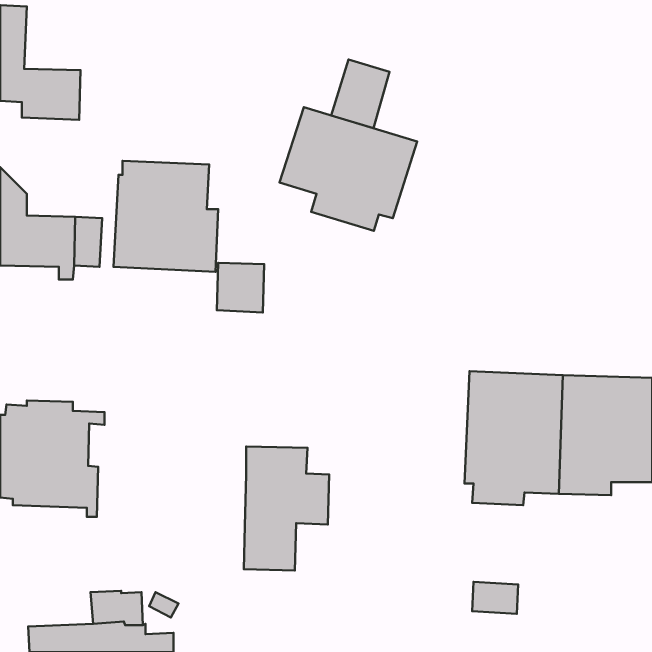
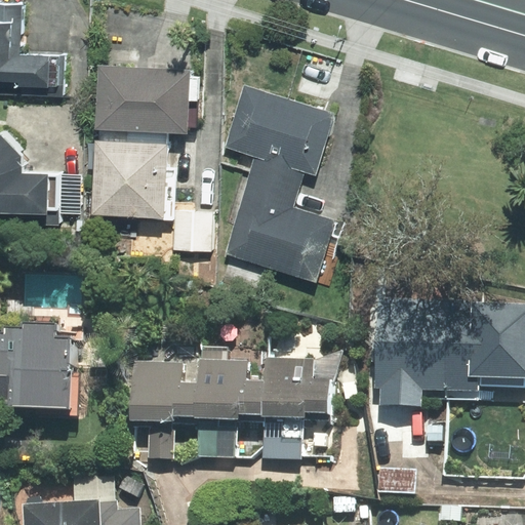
building: [331,59,389,128] -> none
building: none -> [95,66,190,133]
building: none -> [225,170,345,287]
building: none -> [261,351,344,460]
building: none -> [130,359,198,458]

